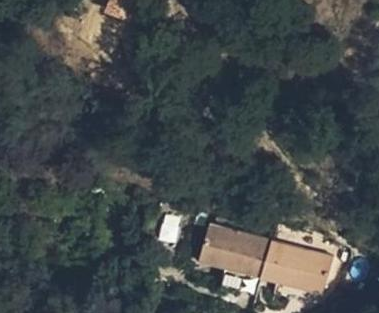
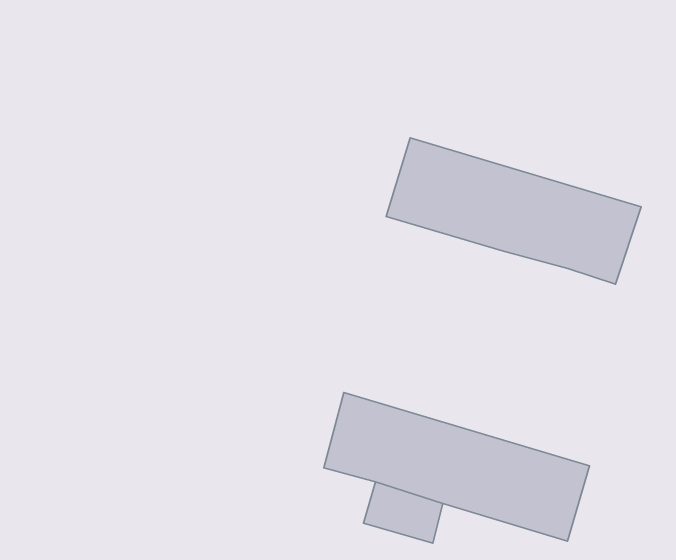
building: none -> [386,138,641,284]

